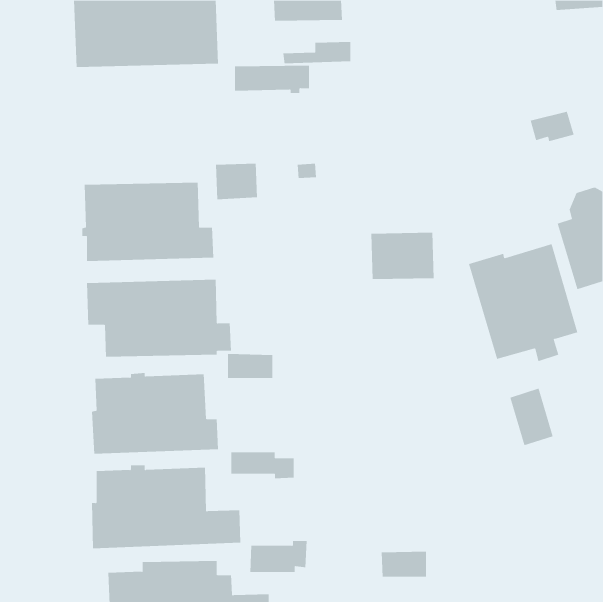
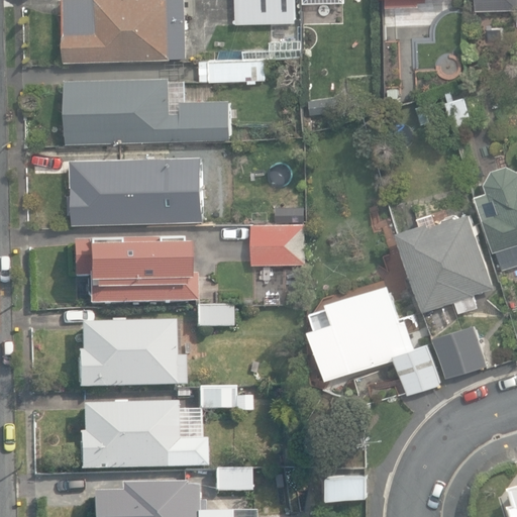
building: none -> [65,75,229,142]
building: [371,232,434,280] -> [250,221,305,262]
building: none -> [311,283,440,395]

